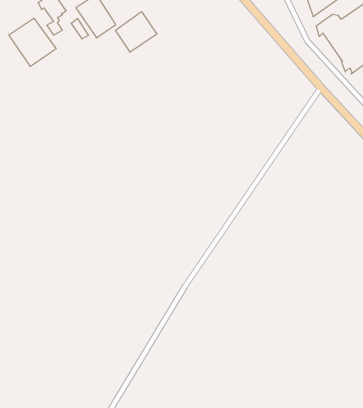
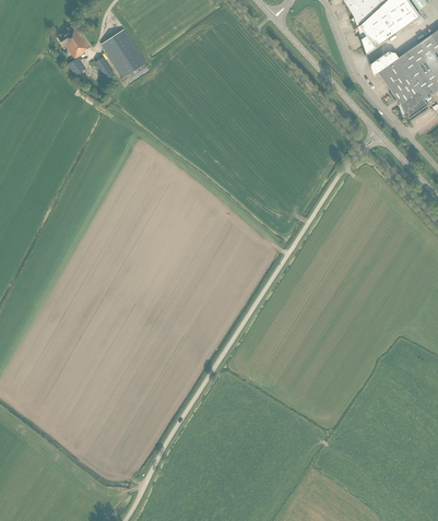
building: [115,12,157,52] -> none
building: [9,18,56,67] -> none

